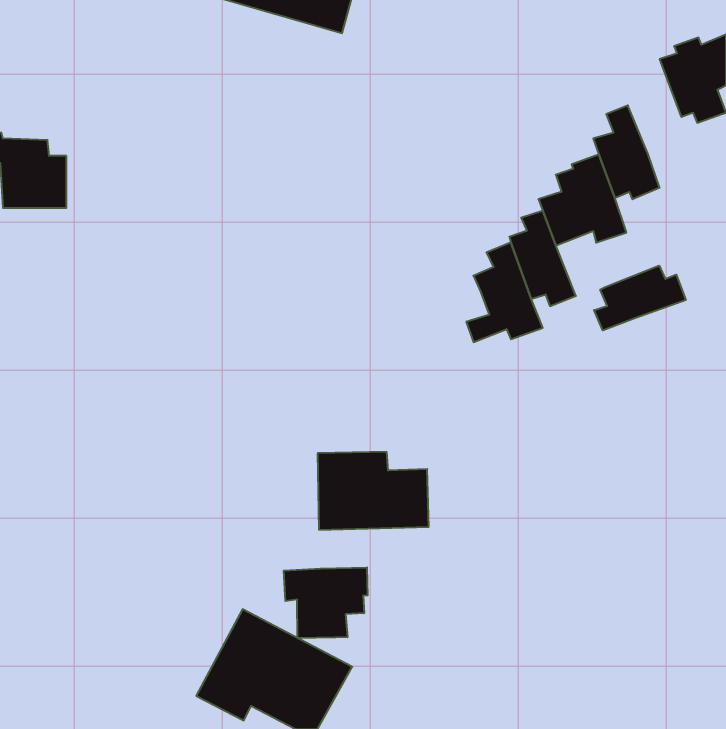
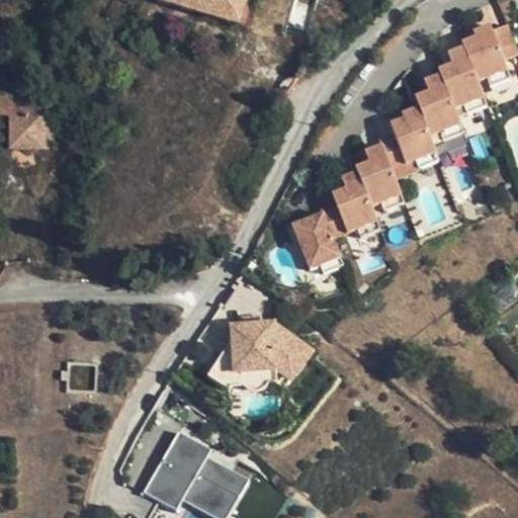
building: none -> [438,50,487,114]
building: [594,266,686,330] -> none
building: none -> [292,204,343,275]
building: [284,567,368,638] -> none

